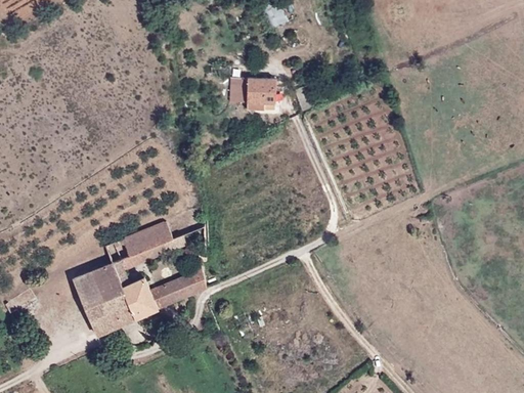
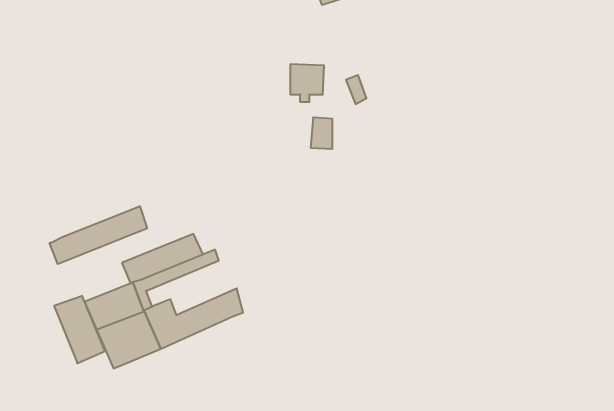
building: [227,78,246,104] -> [311,117,332,149]
building: none -> [50,206,147,264]
building: none -> [54,296,105,363]

